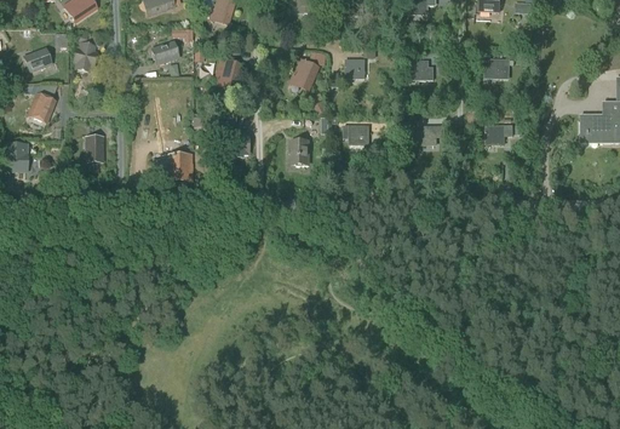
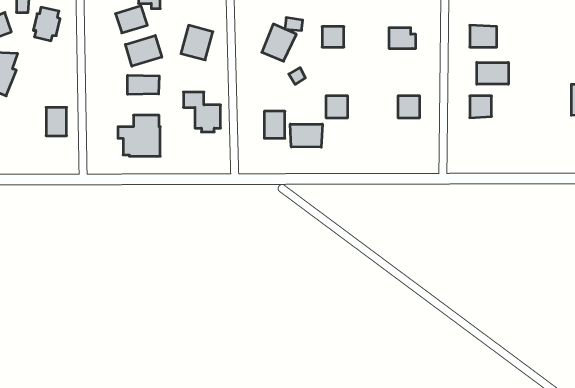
building: none -> [125,35,162,66]
building: none -> [477,62,508,84]
building: none -> [128,75,159,94]
building: none -> [290,124,322,147]

